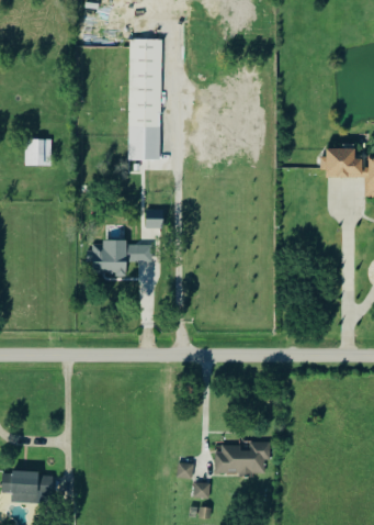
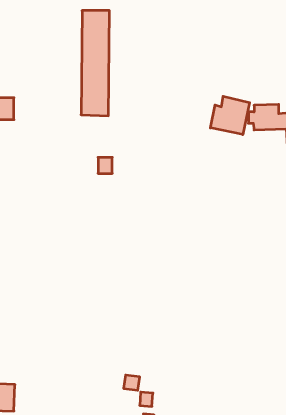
building: none -> [210,96,250,135]
building: [93,245,151,273] -> none
building: [215,443,269,473] -> none

